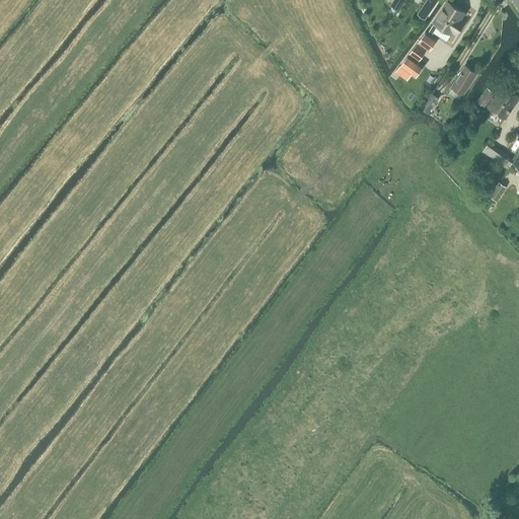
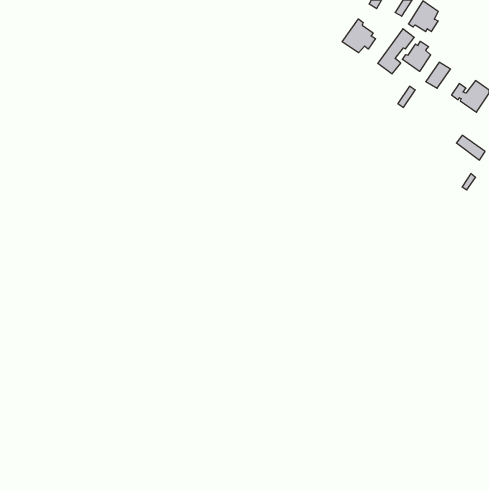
building: none -> [342,19,376,53]
building: none -> [402,41,431,71]

